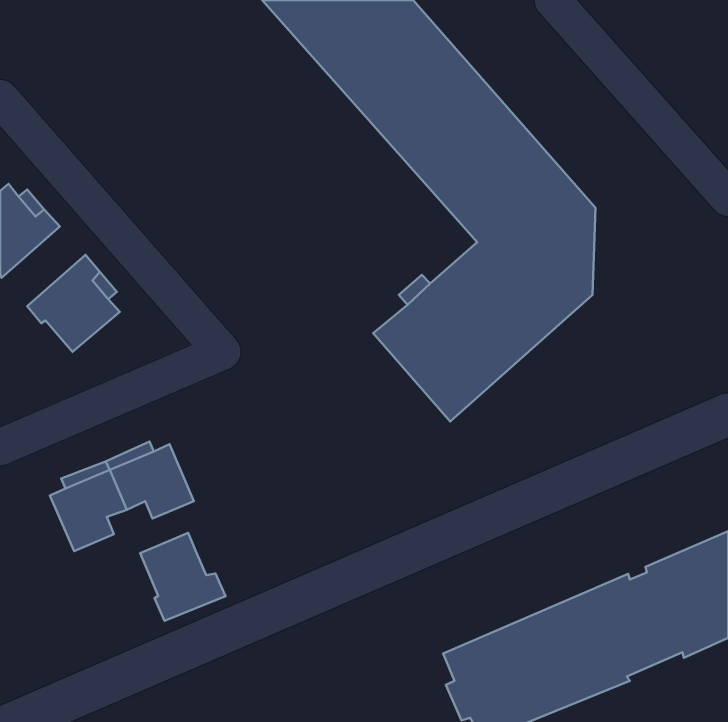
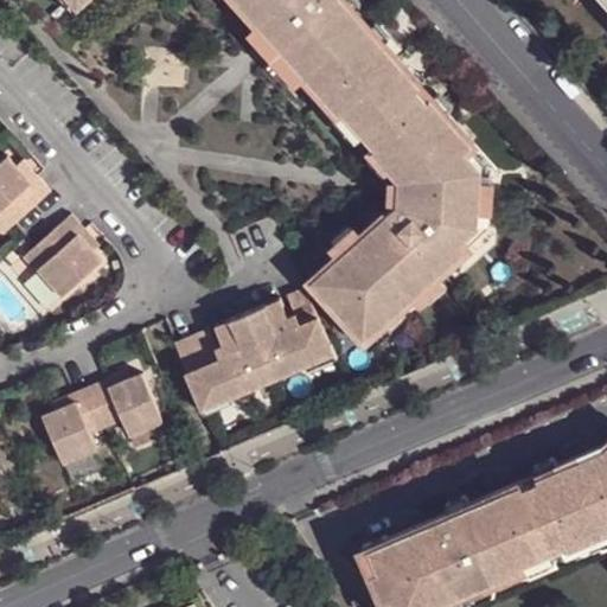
building: none -> [173,289,328,403]
building: [140,533,225,621] -> none

